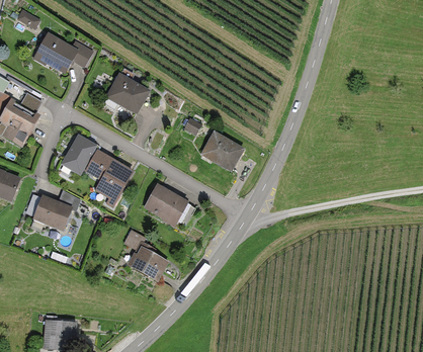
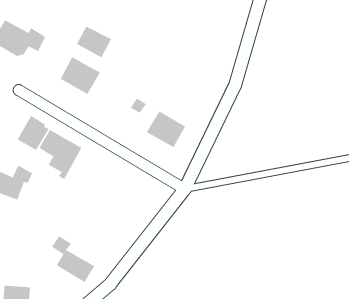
building: none -> [76,26,112,58]
building: [143,183,187,225] -> none
building: [122,229,170,280] -> [51,235,95,283]

